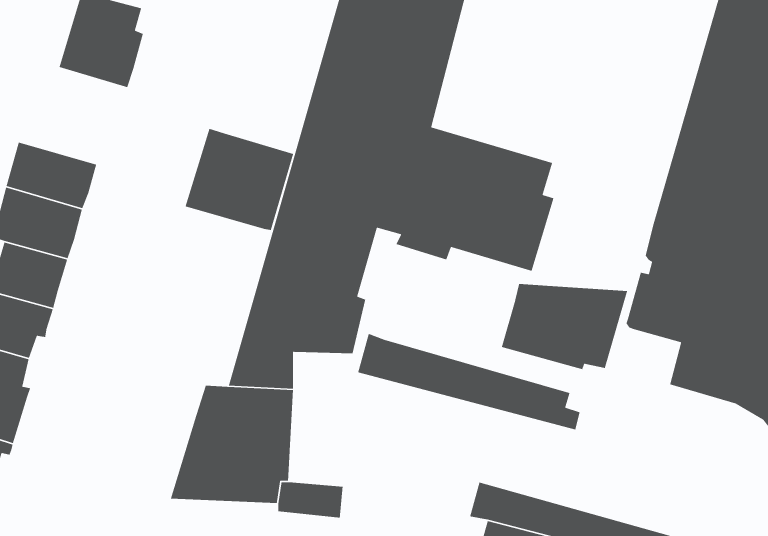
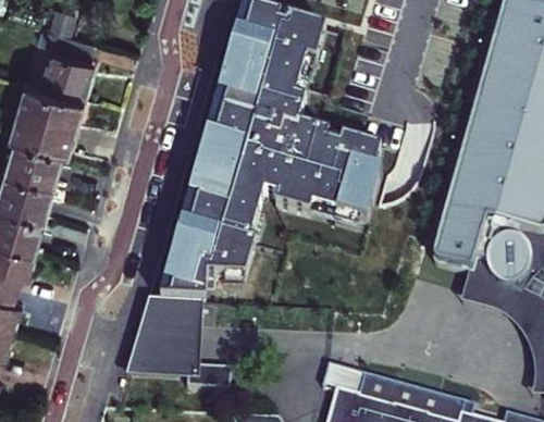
building: [185,128,294,231] -> [16,78,90,148]
building: [501,283,628,370] -> none
building: [357,333,580,430] -> none

